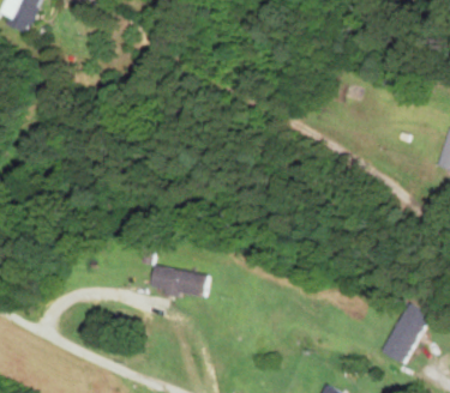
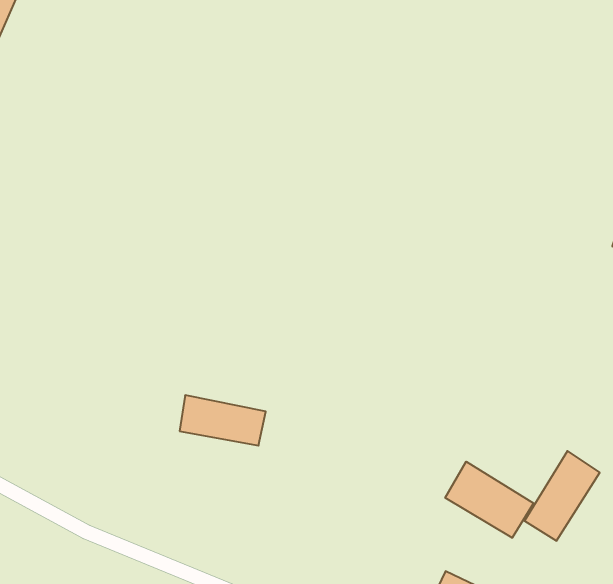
building: none -> [445,462,534,538]

